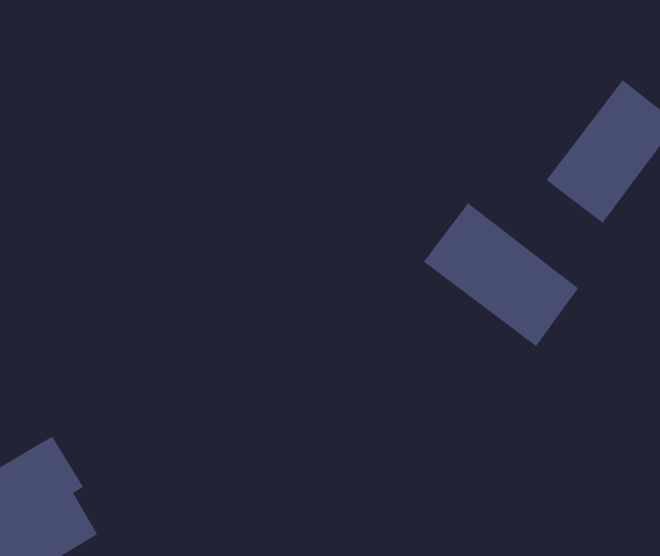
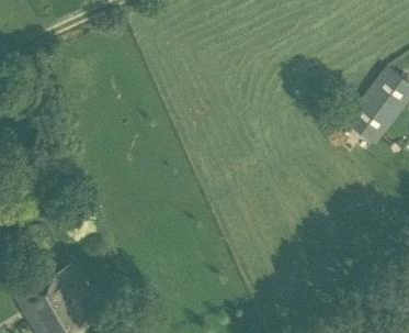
building: [423,202,579,347] -> none

